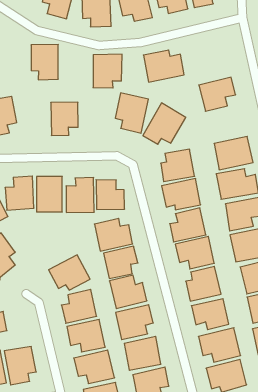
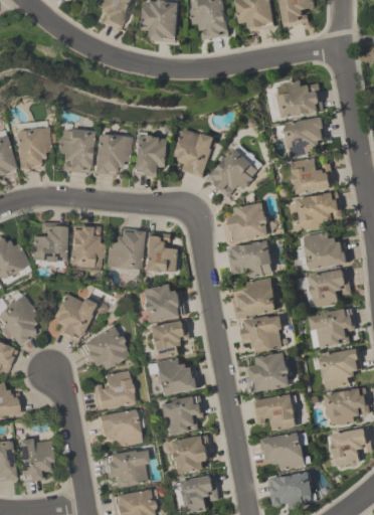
building: [31,45,58,80] -> [56,128,92,173]
building: [143,50,184,82] -> [274,79,324,118]
building: [93,54,122,88] -> [132,133,171,176]
building: none -> [291,157,336,195]
building: none -> [51,289,98,344]

